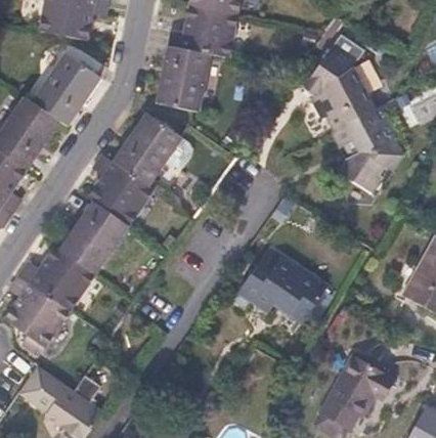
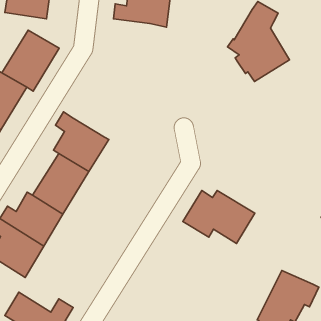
building: [155,45,210,113] -> none
building: [330,97,403,192] -> none
building: [113,112,181,185] -> none

